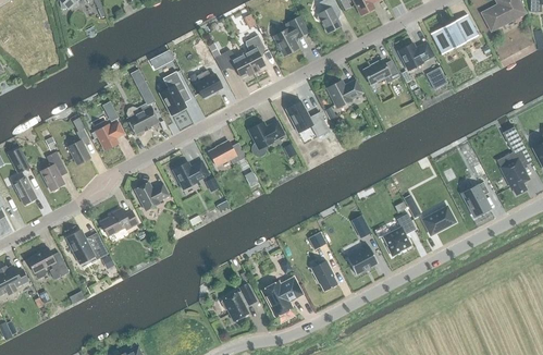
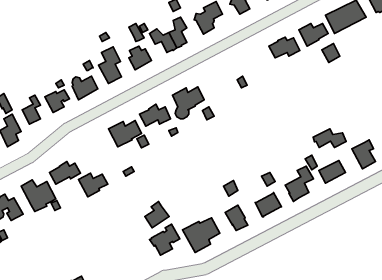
building: [325,78,363,109] -> none
building: [285,100,330,137] -> none
building: none -> [313,129,346,148]
building: [134,182,169,210] -> [79,173,108,197]
building: none -> [145,202,169,228]

